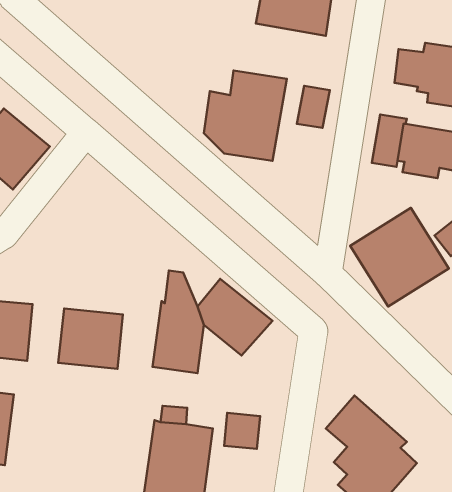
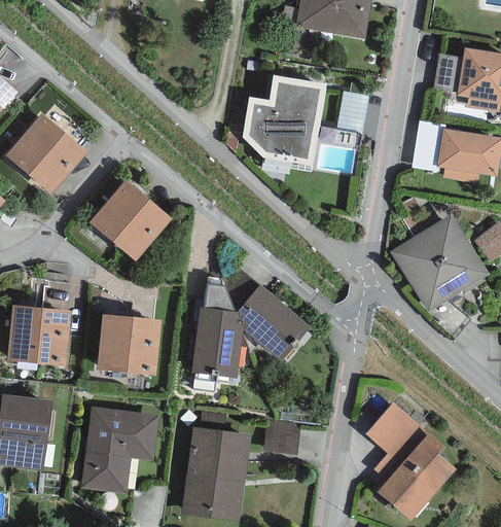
building: none -> [90,179,172,261]
building: none -> [81,407,158,493]

